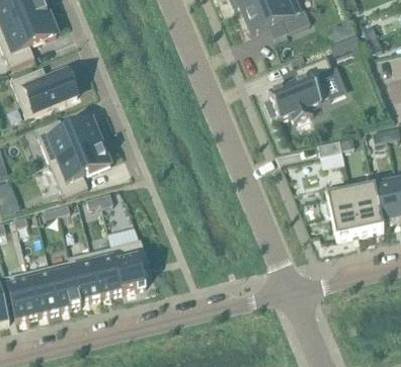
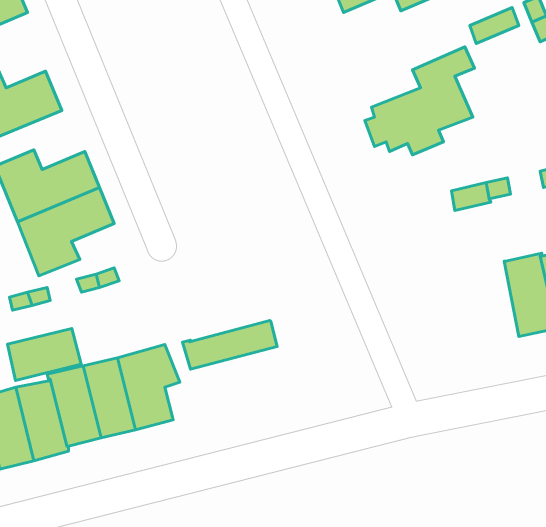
building: [324,180,359,237] -> none
building: none -> [183,321,277,369]
building: none -> [7,328,81,381]

